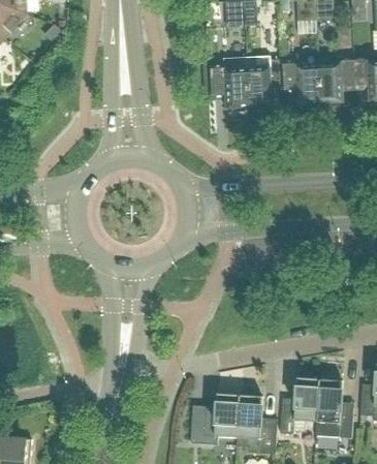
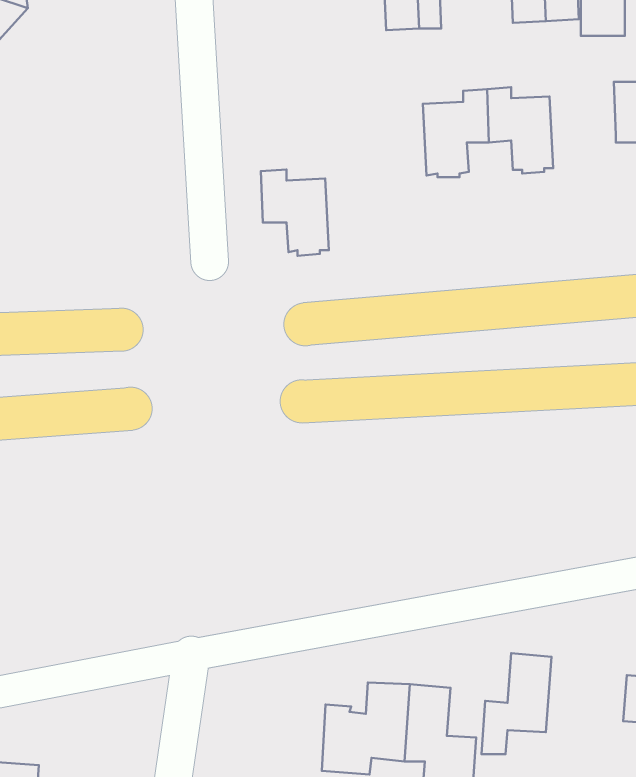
building: [318,55,355,105] -> none
building: [211,62,249,111] -> [261,169,329,256]
building: [316,378,353,437] -> none

